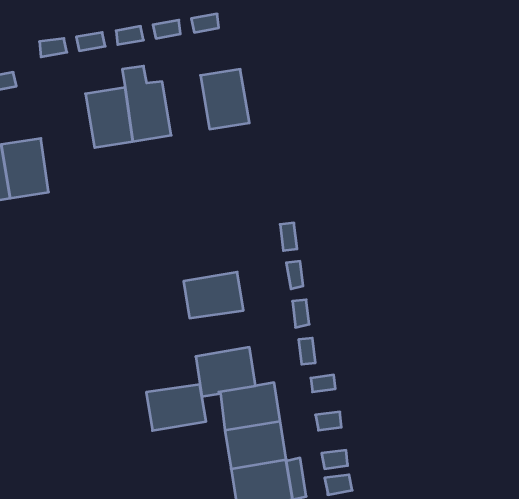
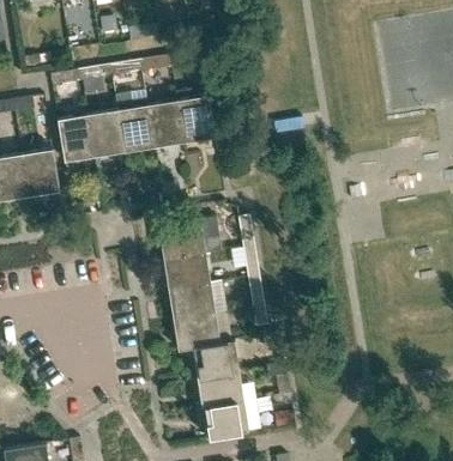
building: none -> [147,101,185,147]
building: none -> [58,115,95,162]
building: none -> [159,223,223,261]
building: [146,385,206,431] -> [169,284,216,320]

